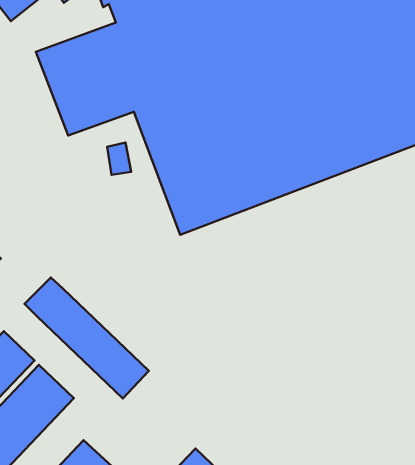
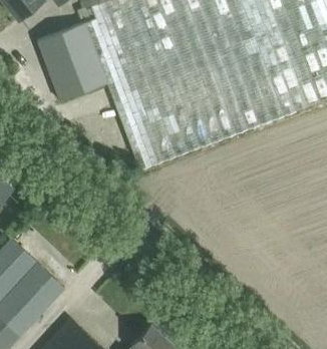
building: [25,278,149,398] -> none

